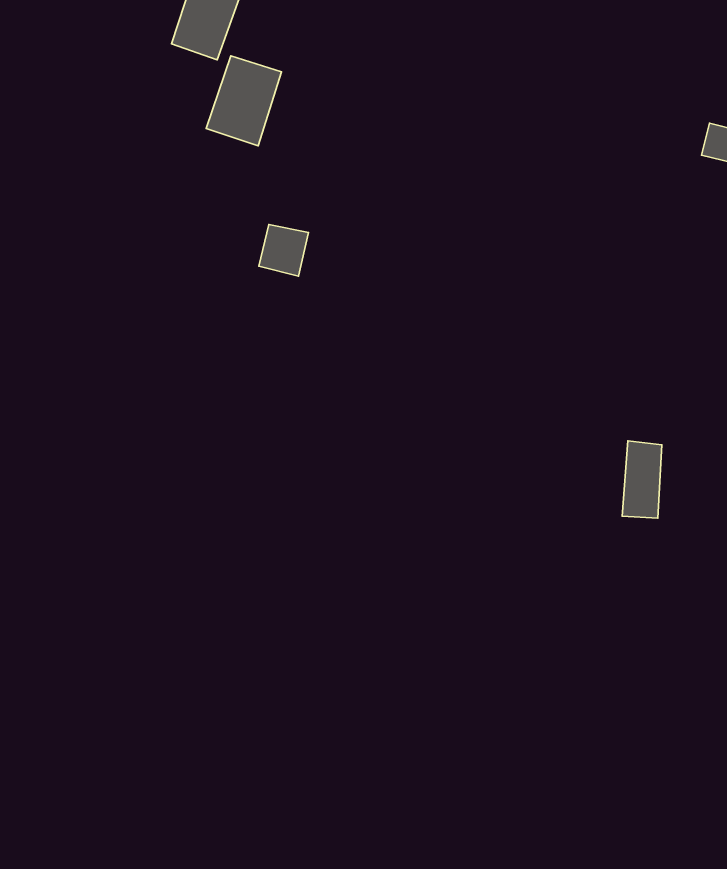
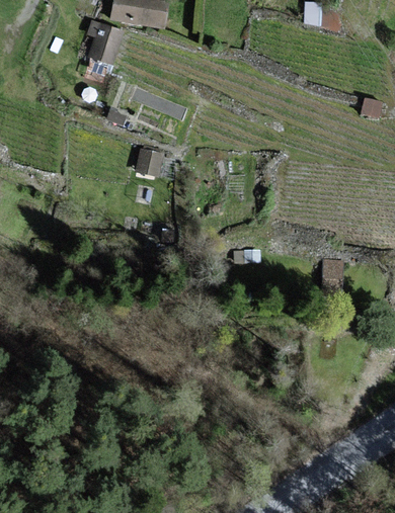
building: [206,56,281,146] -> none

